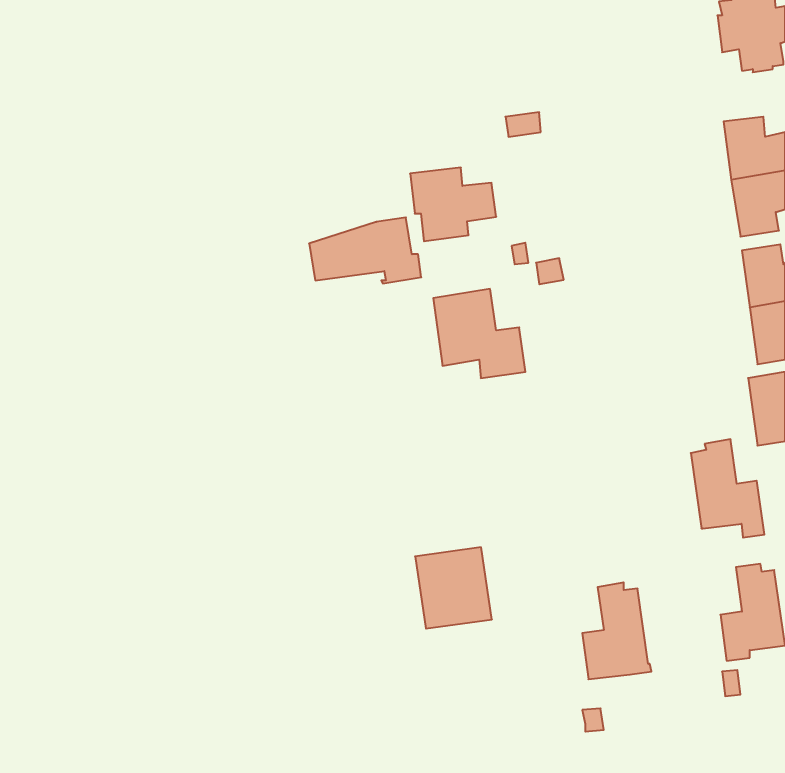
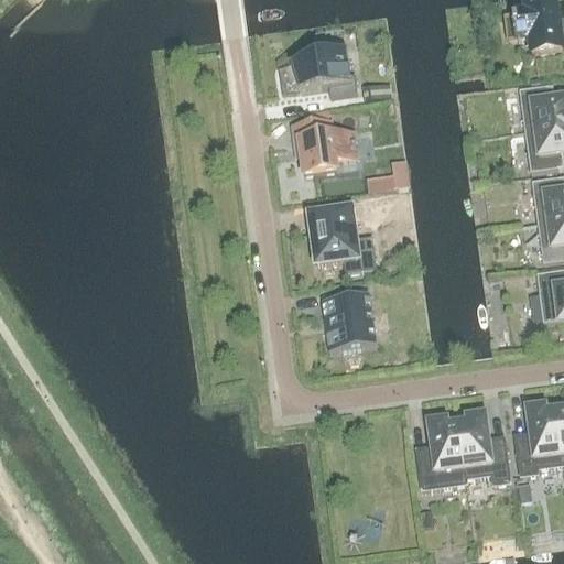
building: [309,217,421,283] -> [278,46,358,94]
building: [691,439,764,538] -> [457,412,510,482]
building: [415,547,492,629] -> [322,292,377,350]

